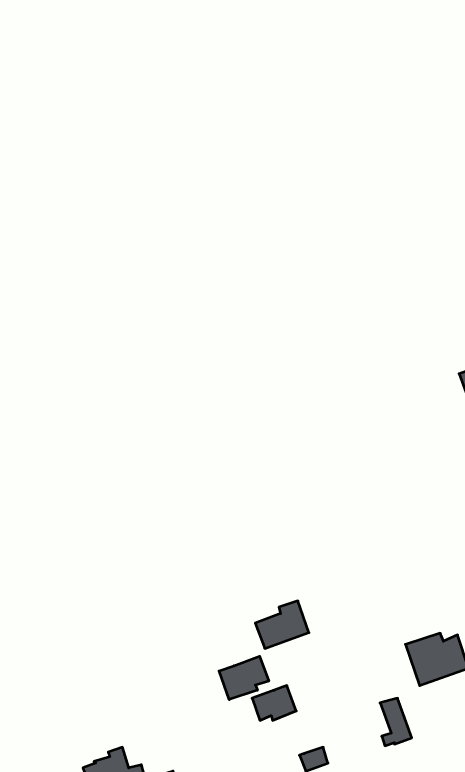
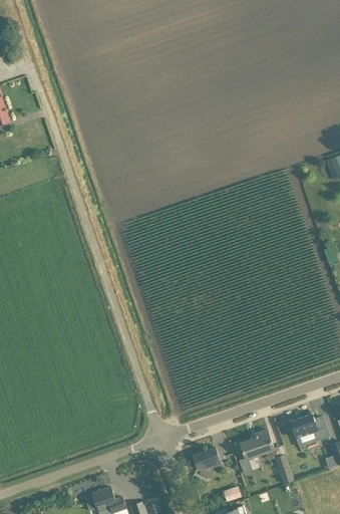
building: [255,601,309,648] -> [240,430,274,460]
building: [219,656,269,700] -> none

